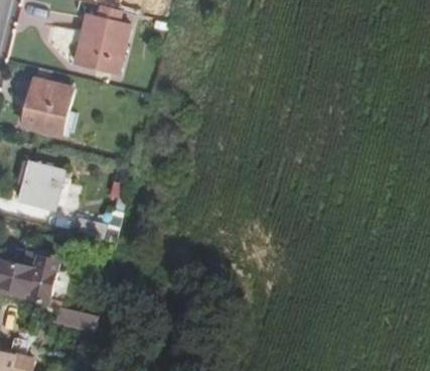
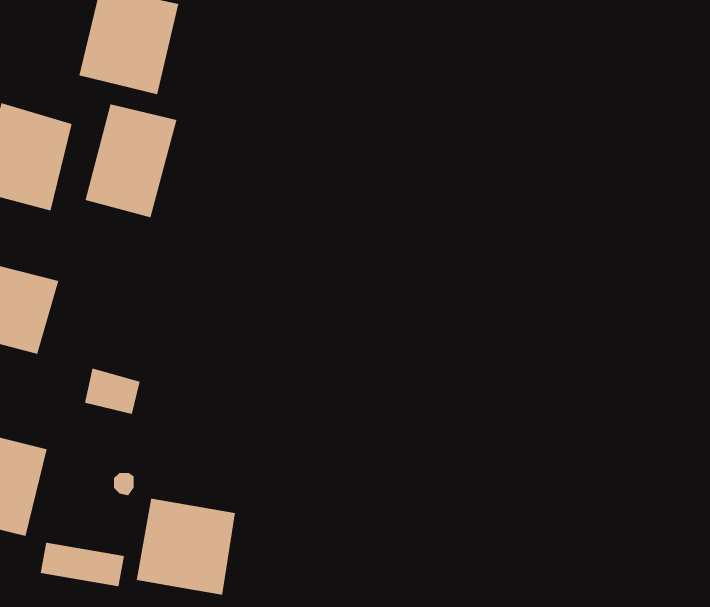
building: none -> [85,103,177,218]
building: none -> [136,498,236,596]

